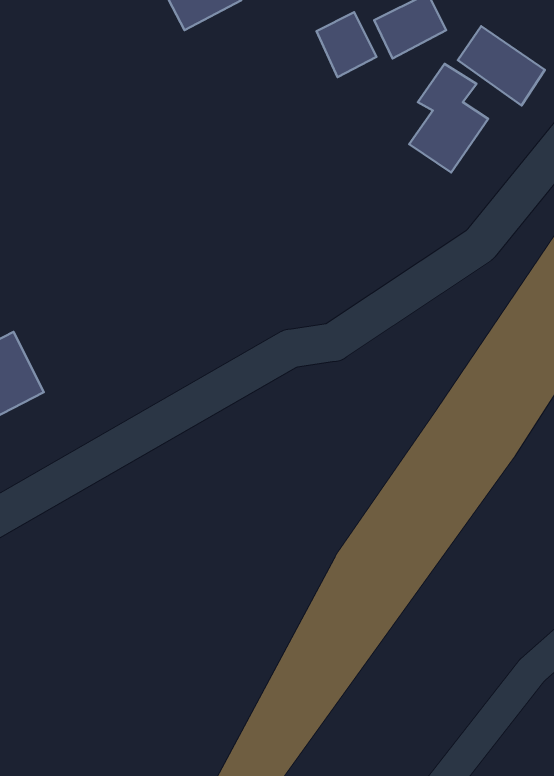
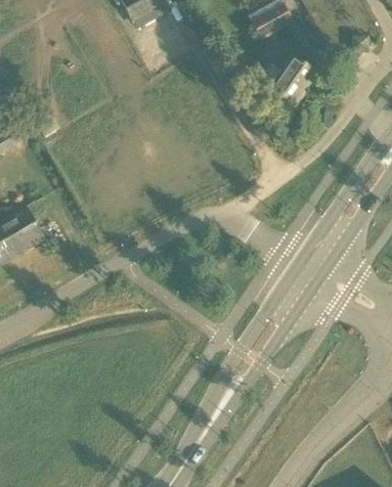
building: [316,12,377,77] -> none
building: [458,26,545,105] -> none

